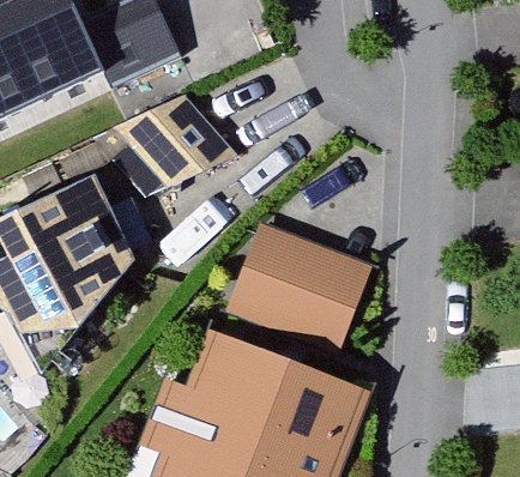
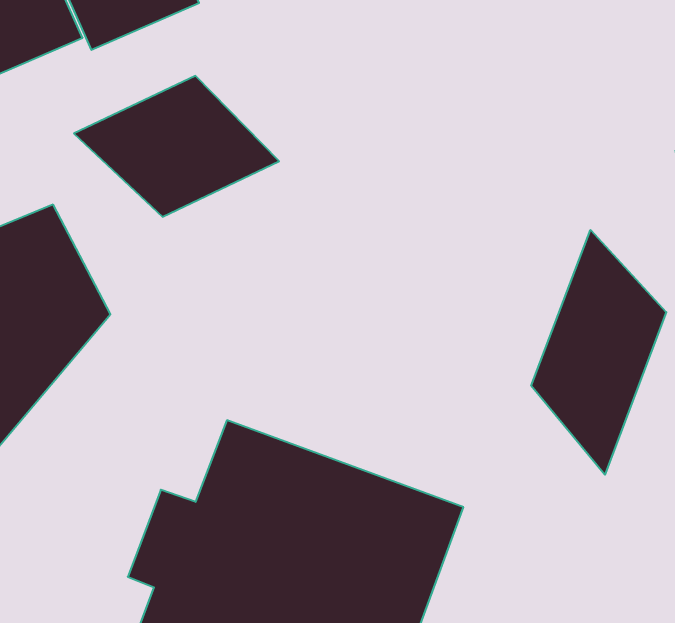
building: none -> [531,230,666,475]
building: [228,223,383,360] -> none

